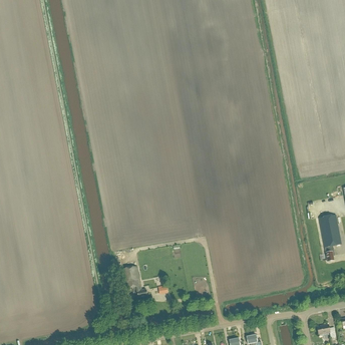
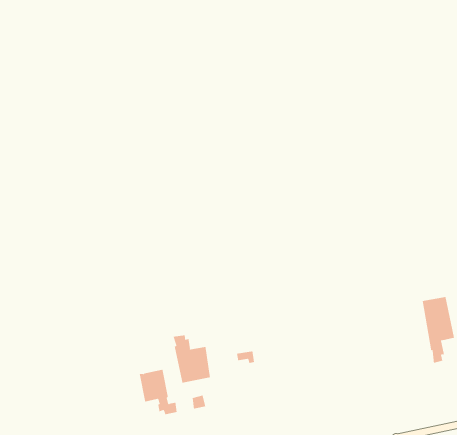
building: none -> [173,335,211,383]

